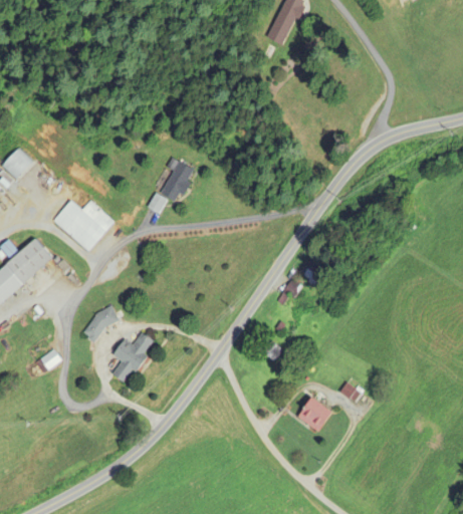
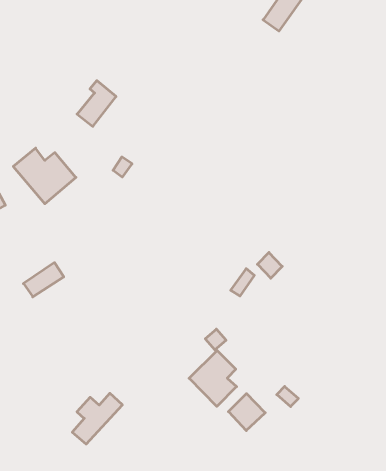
building: [159,157,193,201] -> [77,81,116,126]
building: [111,331,155,383] -> [72,393,122,444]
building: none -> [189,351,237,406]

